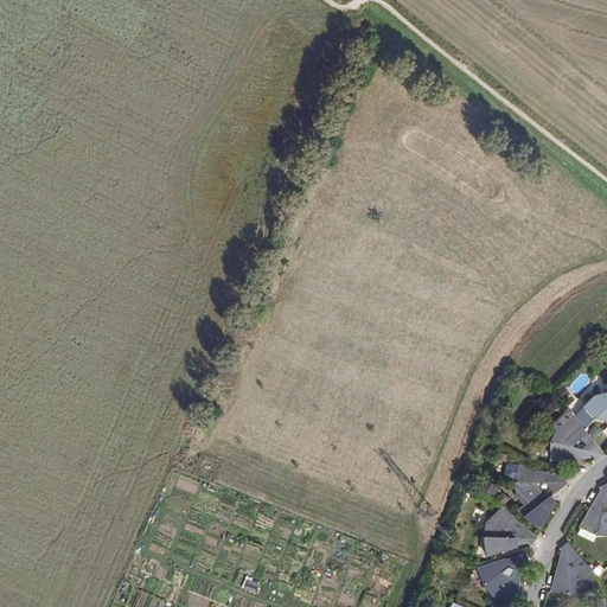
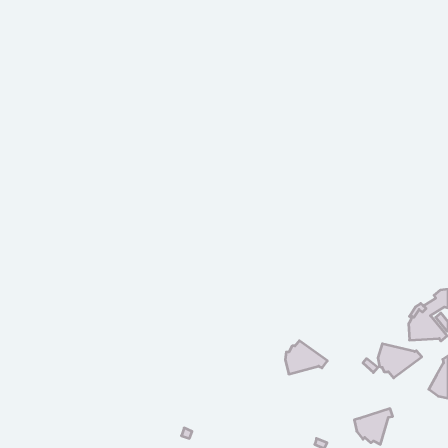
building: [481,510,538,555] -> [285,341,327,374]
building: [550,541,595,596] -> none

